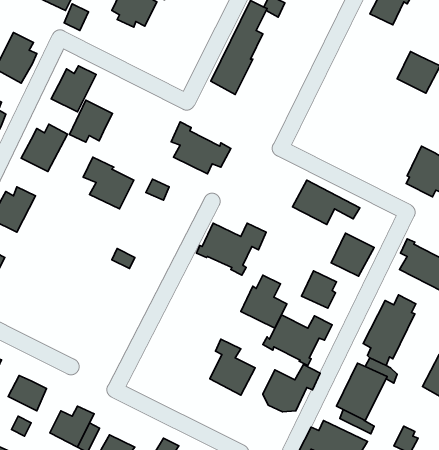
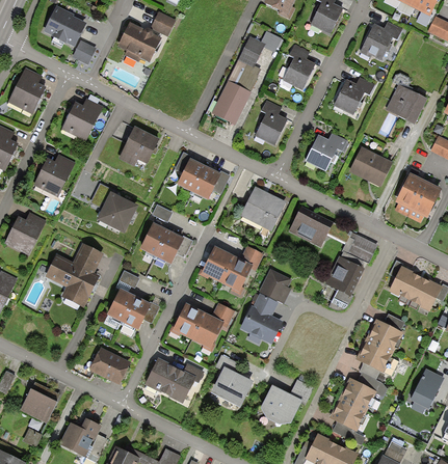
building: none -> [283,45,315,89]
building: none -> [334,76,373,115]
building: none -> [255,100,287,144]
building: [69,100,112,142] -> [118,126,159,165]
building: none -> [305,132,350,170]
building: none -> [349,146,393,186]
building: none -> [240,186,286,236]
building: none -> [139,222,192,265]
building: none -> [342,231,377,262]
building: none -> [45,242,104,307]
building: none -> [107,289,160,330]
building: [301,271,337,308] -> [259,268,292,303]
building: [263,315,332,366] -> [168,302,234,350]
building: none -> [89,347,131,384]
building: none -> [143,358,206,403]

